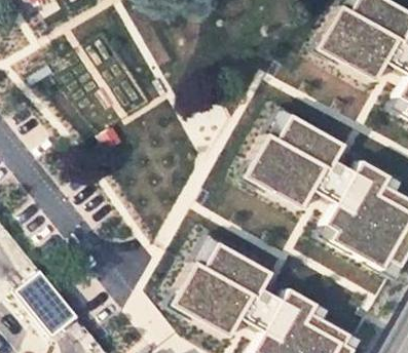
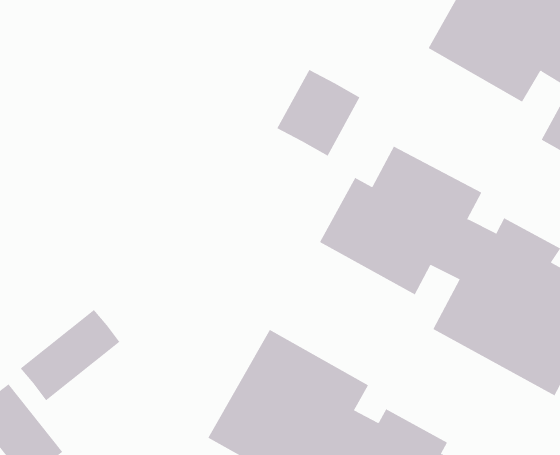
building: none -> [276,69,360,157]
building: none -> [20,309,120,401]

